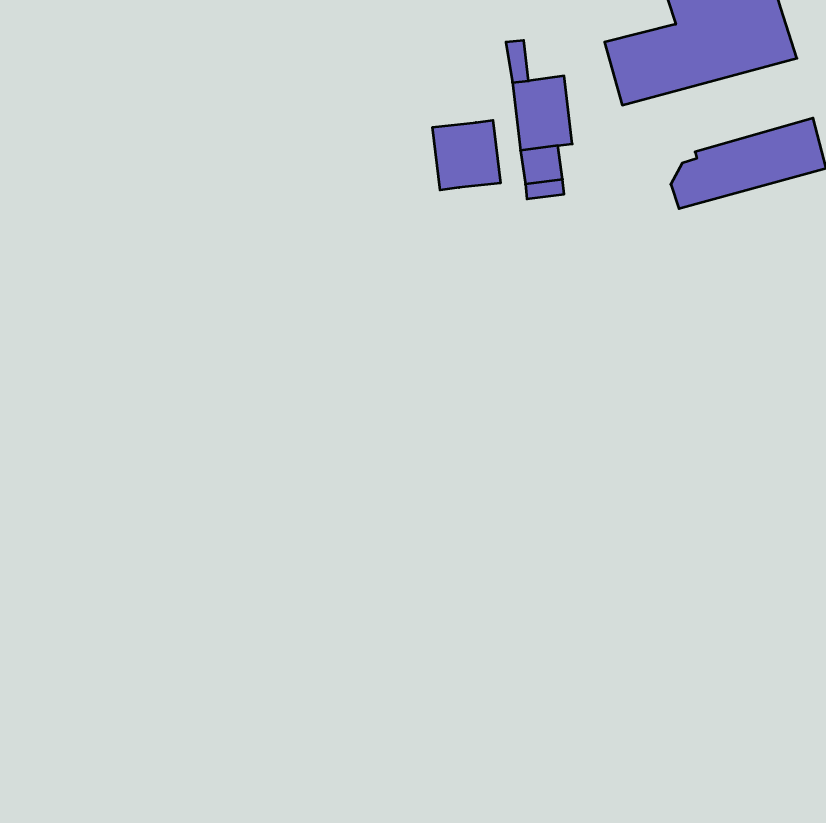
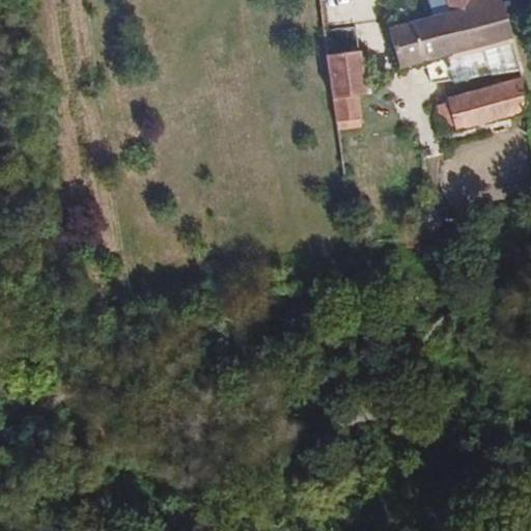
building: [433,120,500,190] -> none

